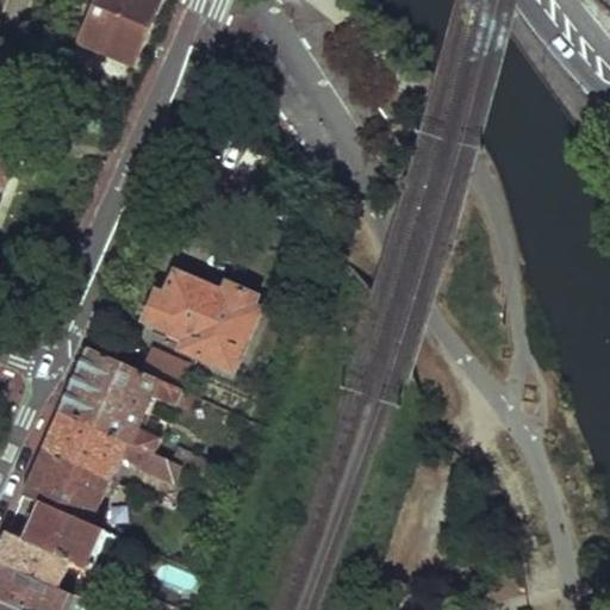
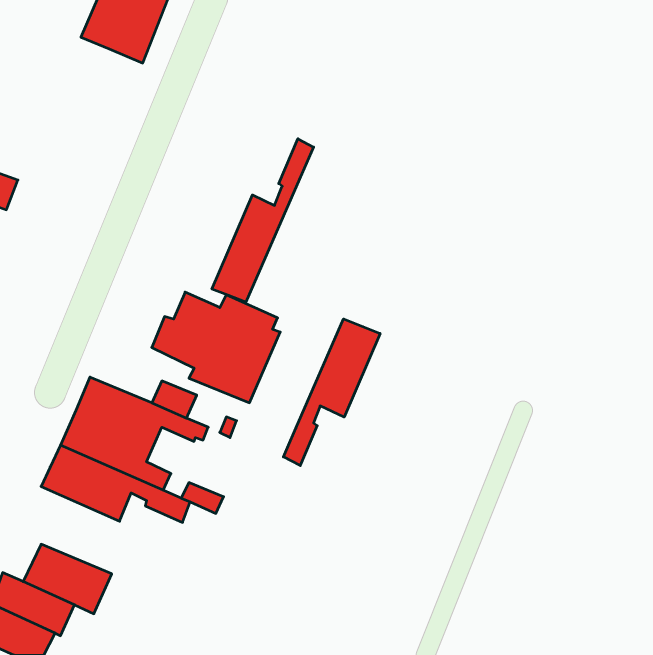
building: none -> [212,139,314,302]
building: none -> [283,319,380,466]
building: [18,450,116,535] -> none

